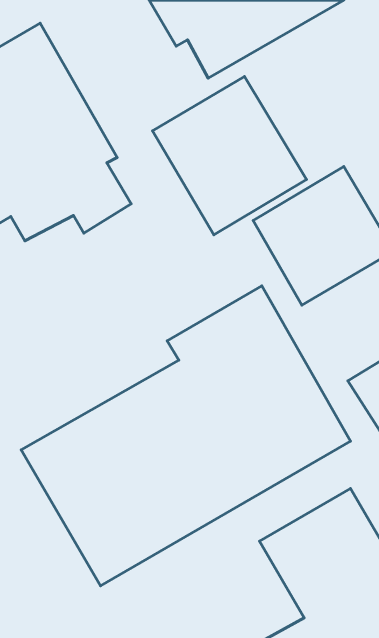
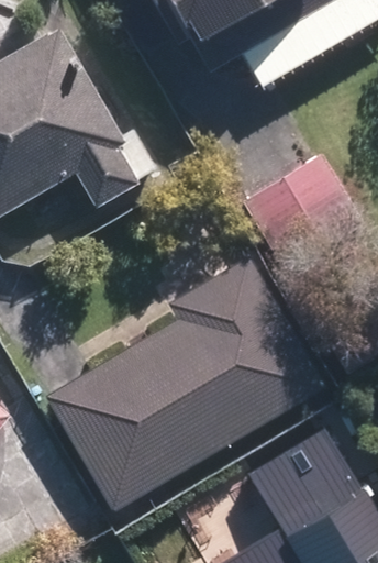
building: [153,77,306,235] -> none

